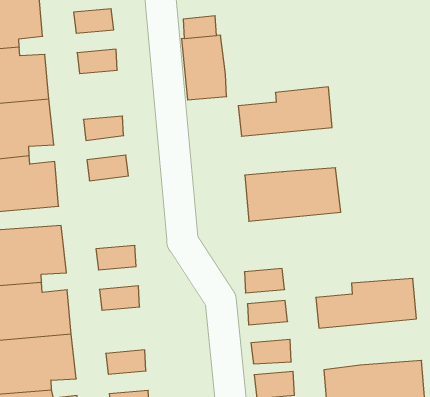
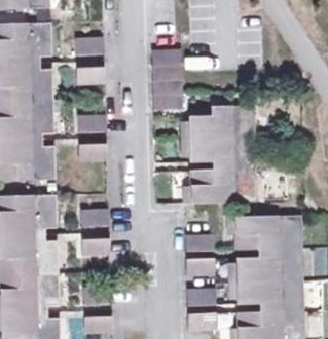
building: none -> [186,135,252,165]
building: none -> [232,214,304,249]
building: none -> [234,276,307,308]

